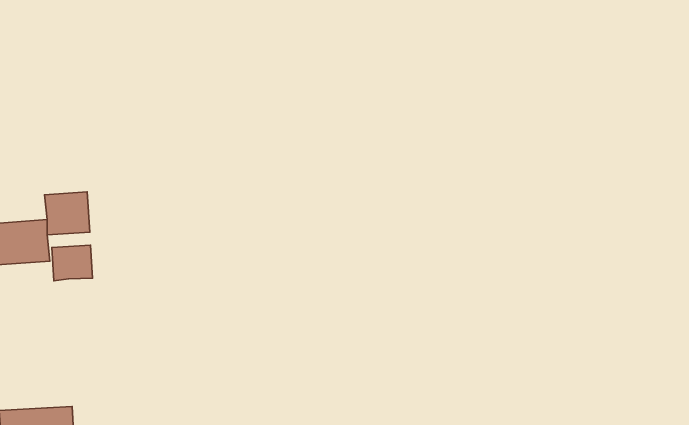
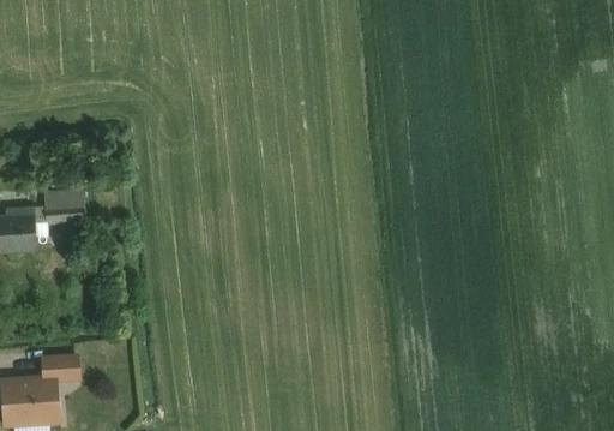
building: [52,245,93,281] -> none
building: none -> [41,354,83,377]

